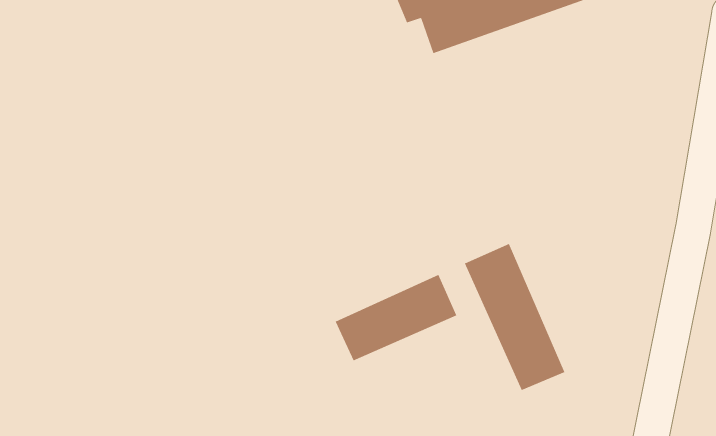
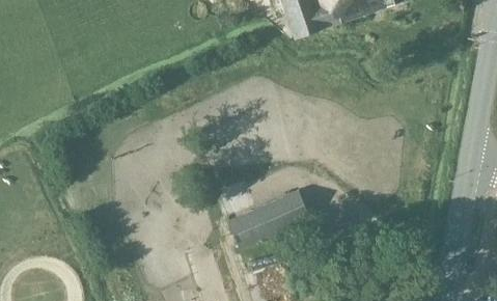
building: [464,243,565,391] -> none

